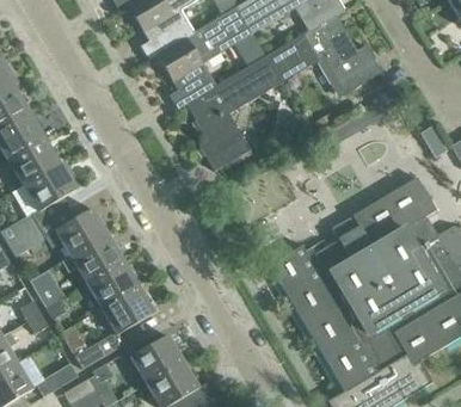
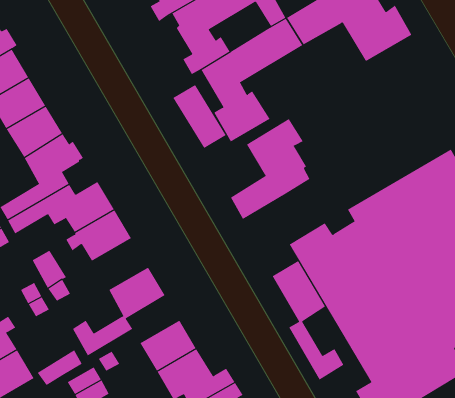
building: none -> [173,84,227,149]
building: none -> [230,118,313,220]
building: [86,259,139,307] -> none
building: none -> [272,260,344,380]

